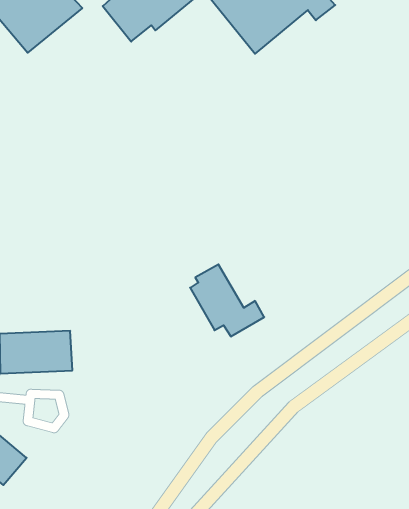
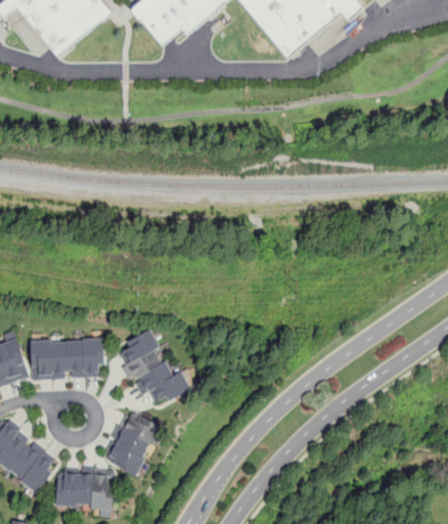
building: [190,264,264,336] -> [118,330,192,402]
building: none -> [102,408,163,476]
building: none -> [56,469,115,509]

